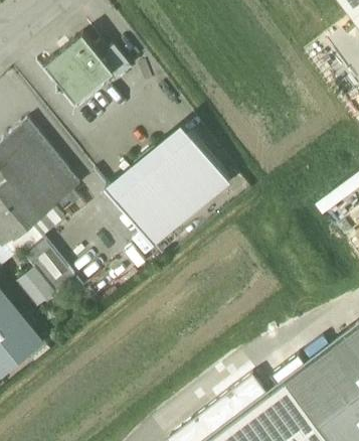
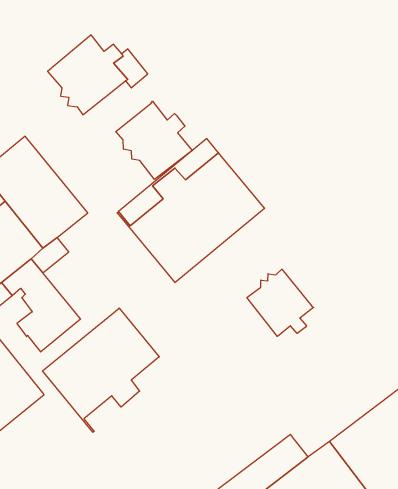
building: none -> [116,101,192,179]
building: none -> [247,269,314,336]
building: none -> [43,308,159,432]

